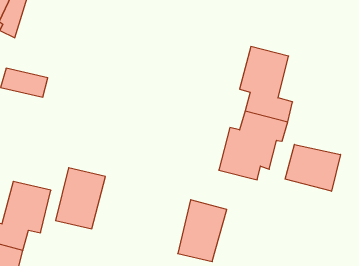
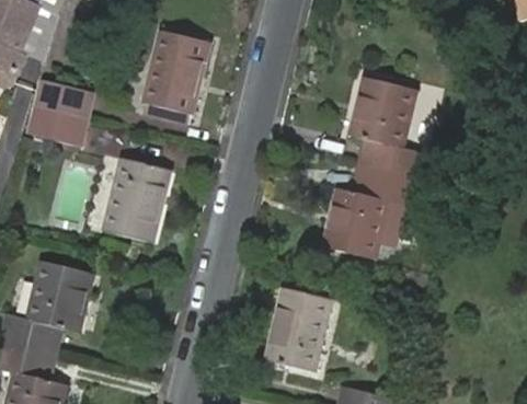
building: none -> [144,31,211,115]
building: none -> [32,81,94,120]
building: [285,144,340,191] -> none
building: [56,168,105,229] -> [103,159,171,242]

